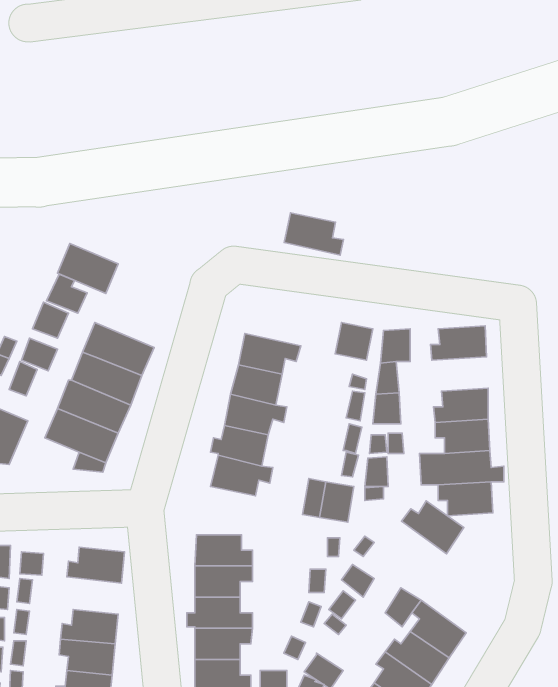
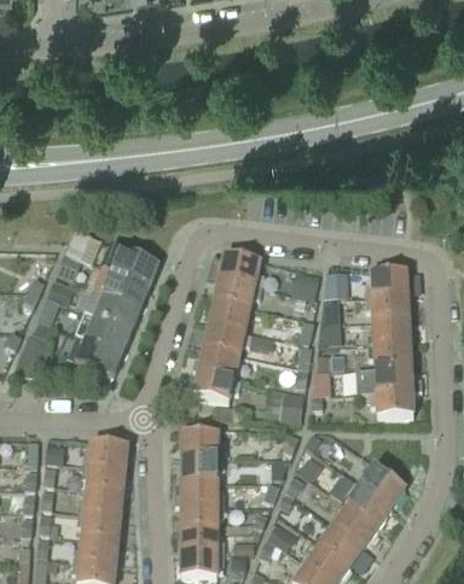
building: [284,213,343,255] -> [220,251,266,284]
building: [57,244,118,294] -> [112,246,160,285]
building: none -> [365,292,408,319]
building: [401,501,464,554] -> [356,465,405,506]
building: none -> [81,462,124,491]

